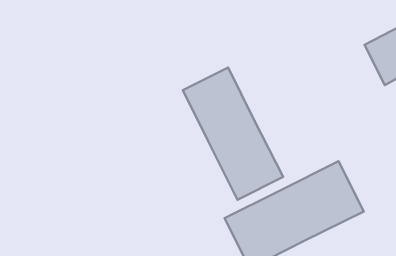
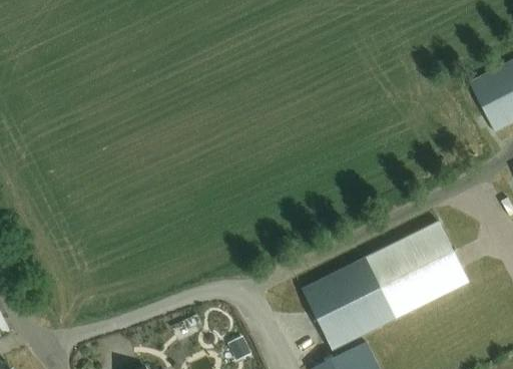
building: [183,68,283,200] -> none

